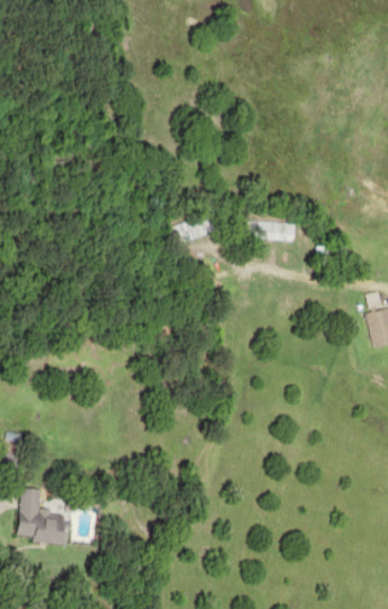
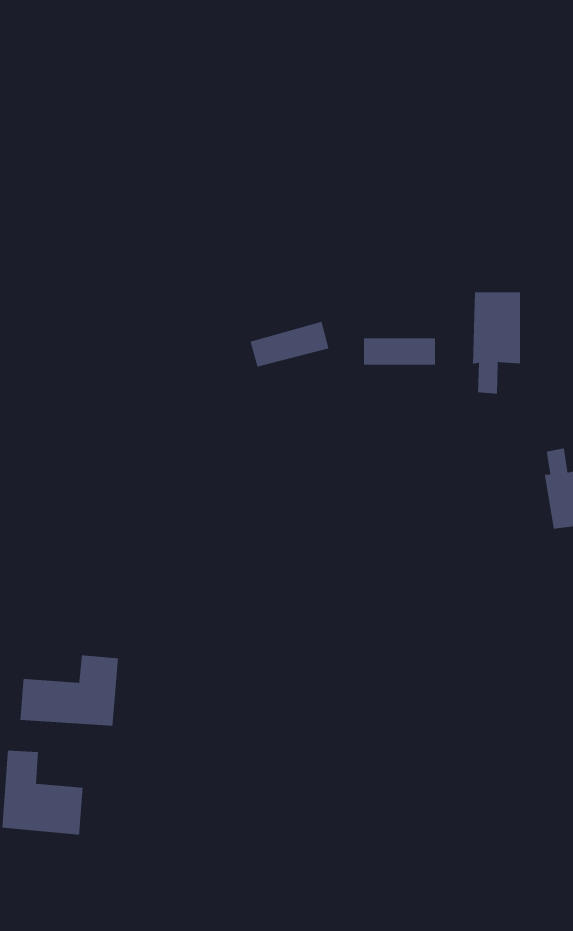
building: none -> [472,291,521,394]
building: none -> [20,655,119,727]

